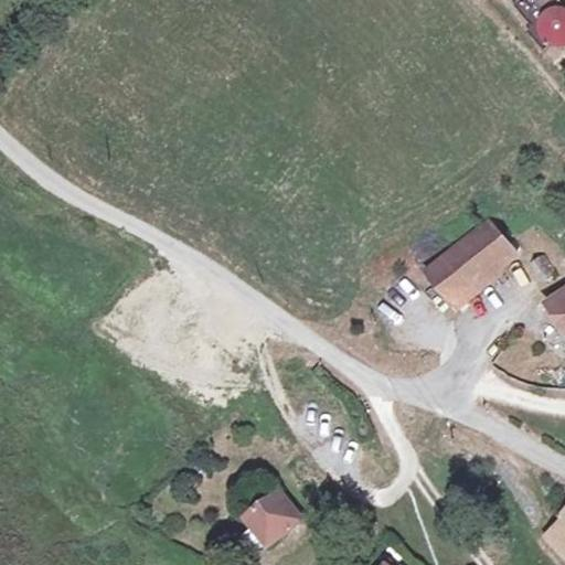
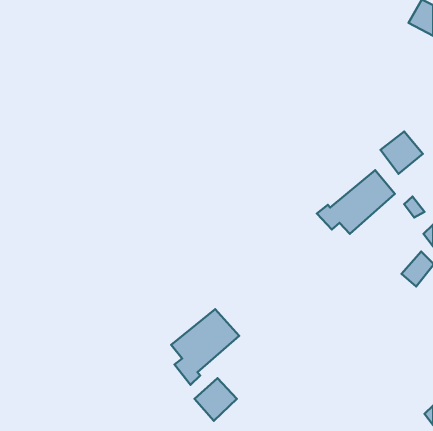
building: none -> [380,131,423,174]
building: none -> [171,309,239,385]

